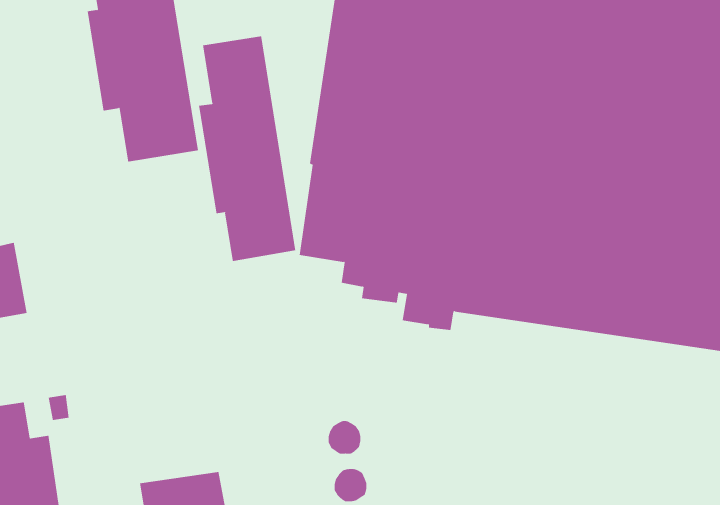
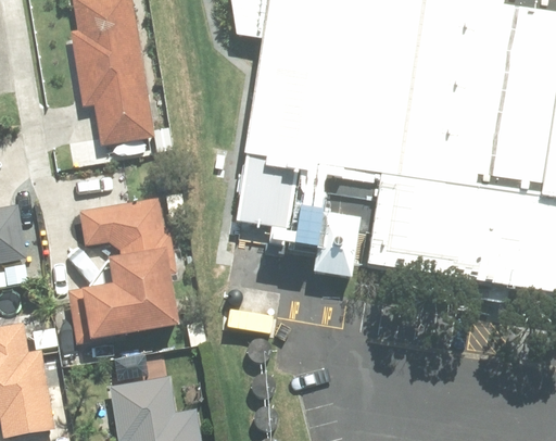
building: [199,35,296,262] -> none
building: none -> [67,197,177,341]

